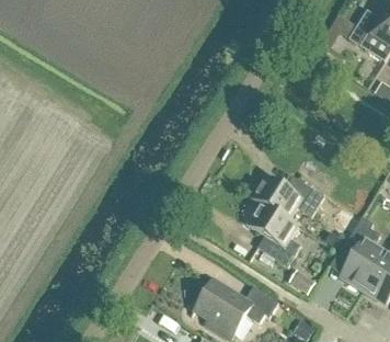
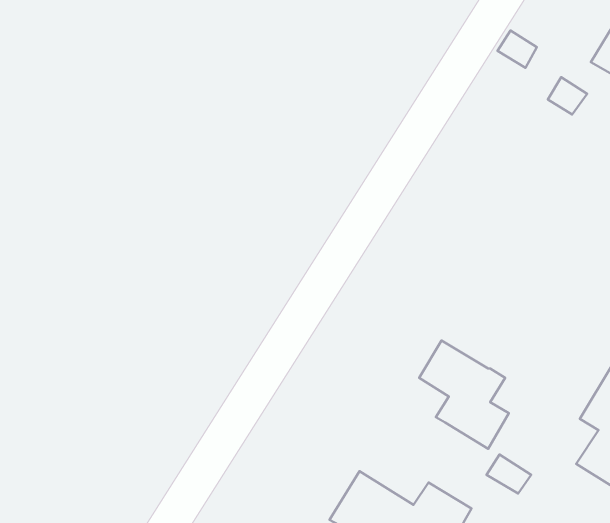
building: [251,174,323,218] -> none

